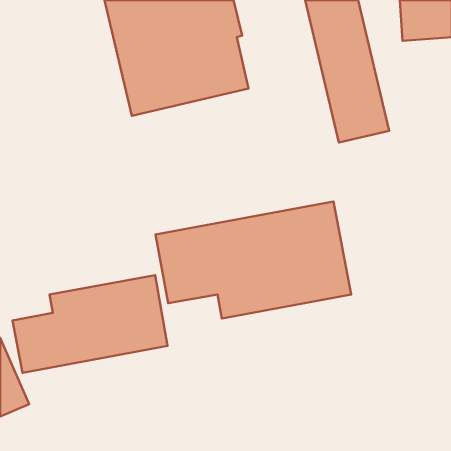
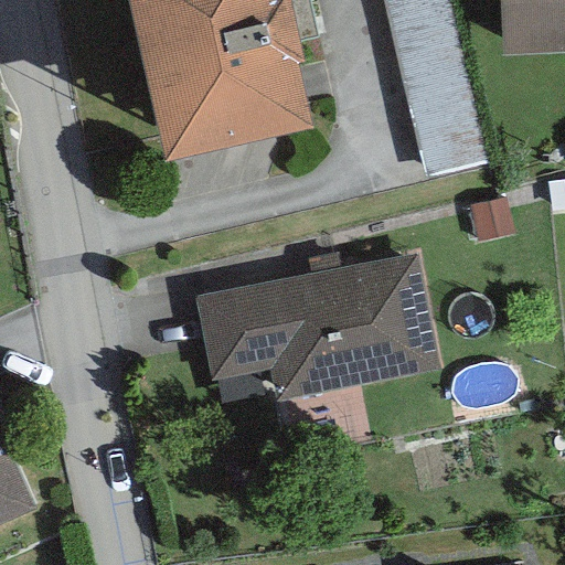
building: [13,275,168,373] -> none

